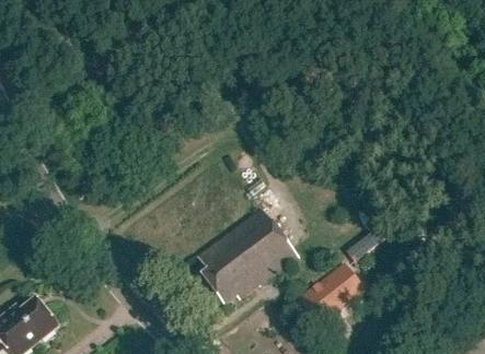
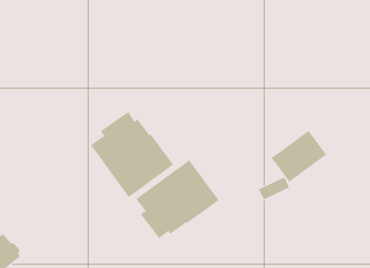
building: none -> [90,111,174,198]
building: [297,262,365,326] -> [271,130,327,182]

